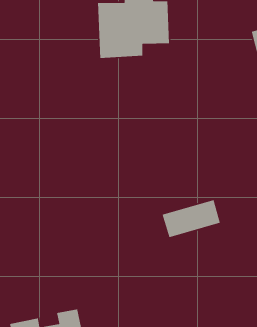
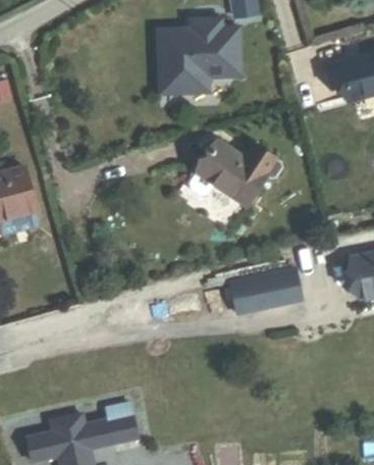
building: none -> [190,138,273,201]

